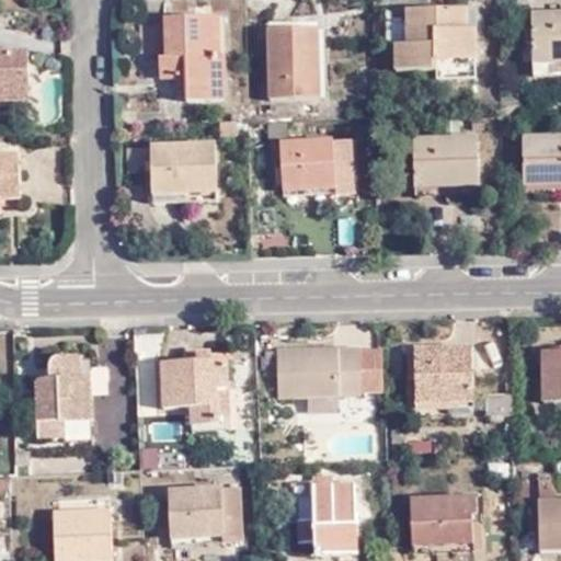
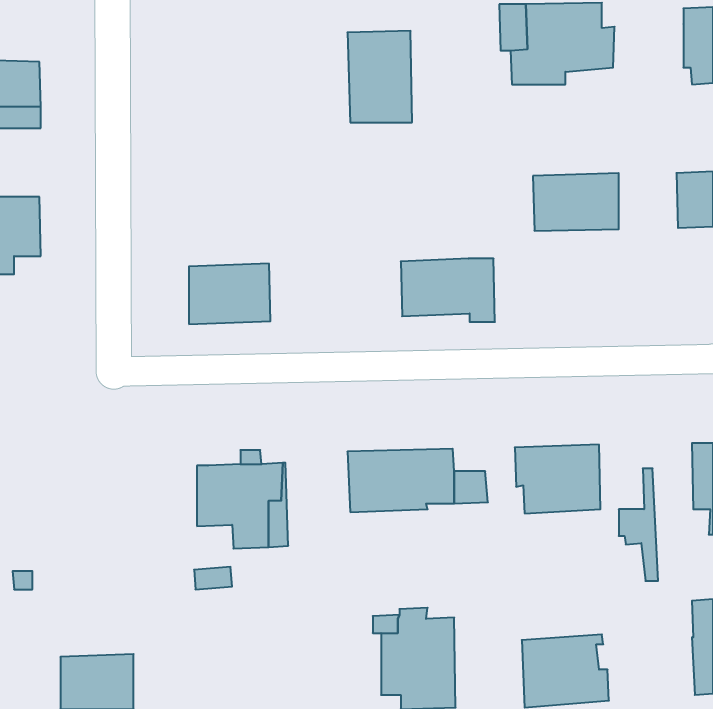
building: [144,16,230,98] -> none
building: [285,140,358,190] -> [401,259,495,322]
building: [156,145,219,192] -> [189,264,270,324]
building: [28,357,93,442] -> none
building: [163,489,238,542] -> none

